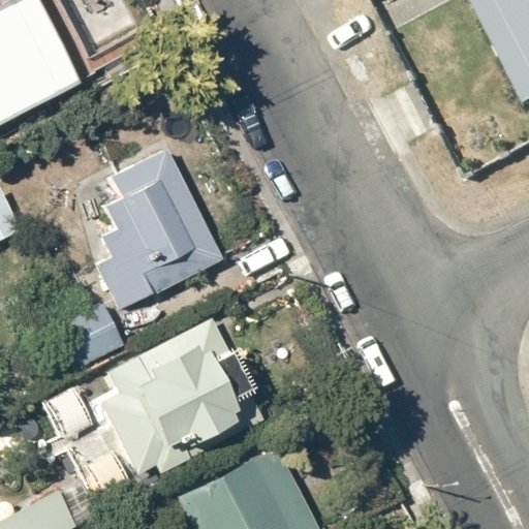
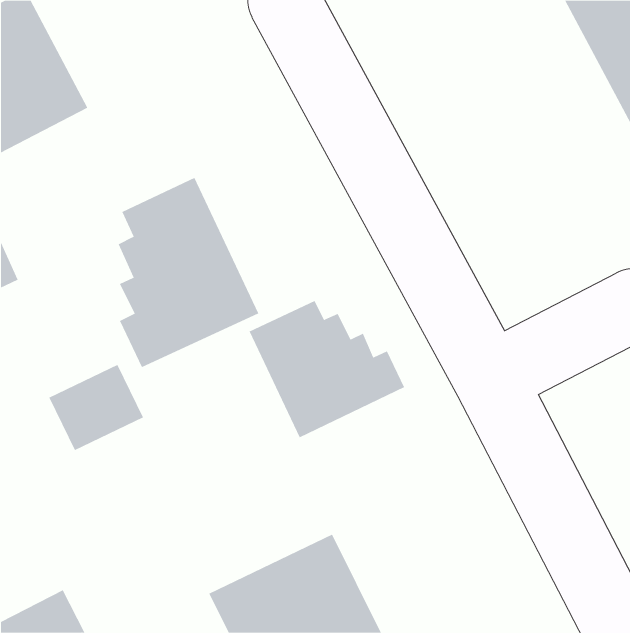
building: none -> [249,300,405,438]
building: [96,319,266,477] -> none

